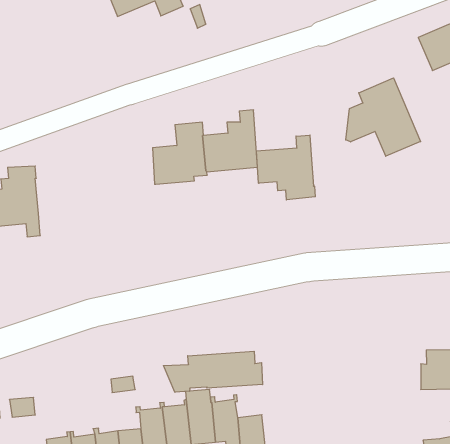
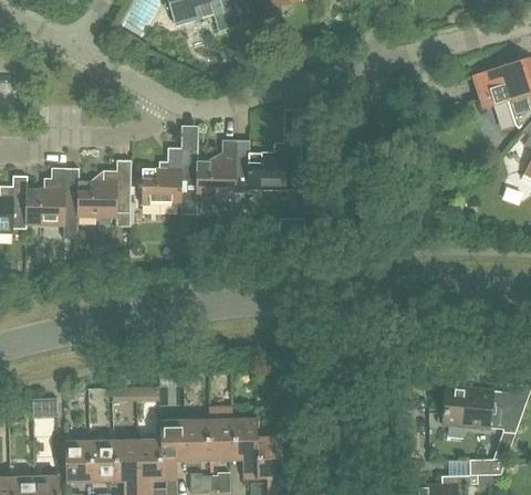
building: [346,78,421,156] -> none
building: [257,135,315,200] -> none
building: none -> [140,148,197,206]
building: none -> [77,160,131,218]
building: [163,351,263,392] -> none

